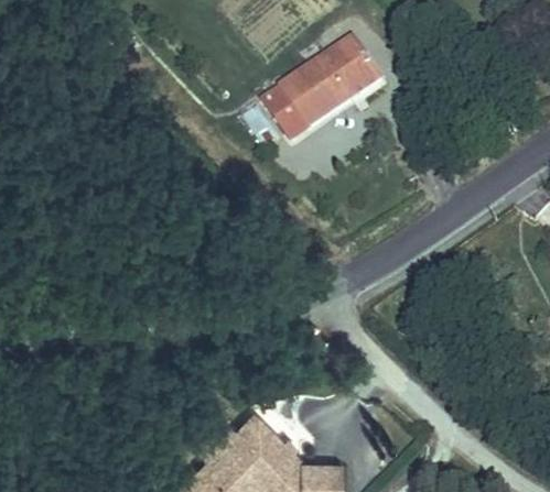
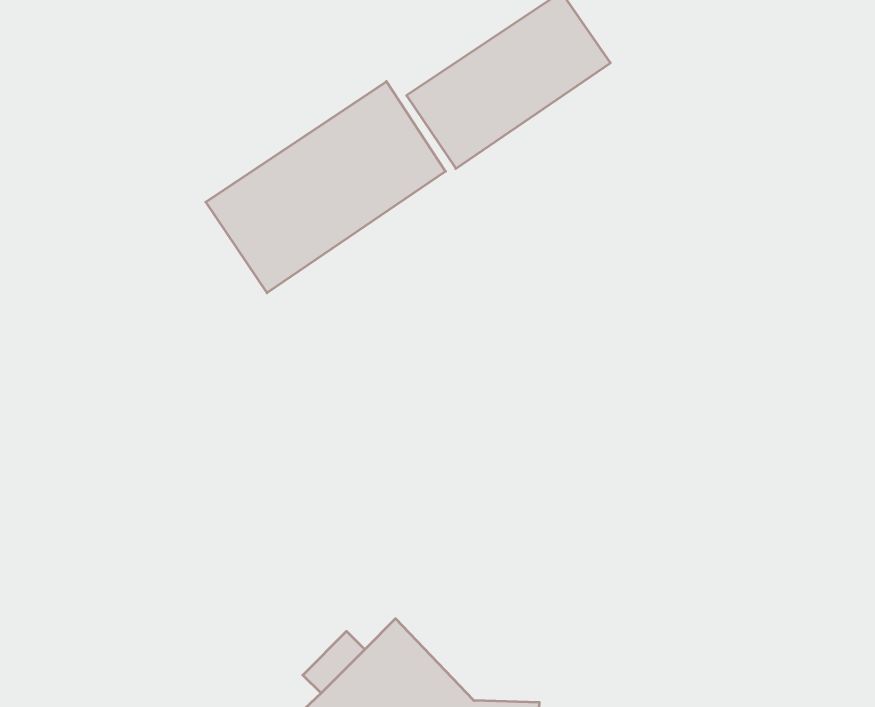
building: none -> [206,81,446,293]

